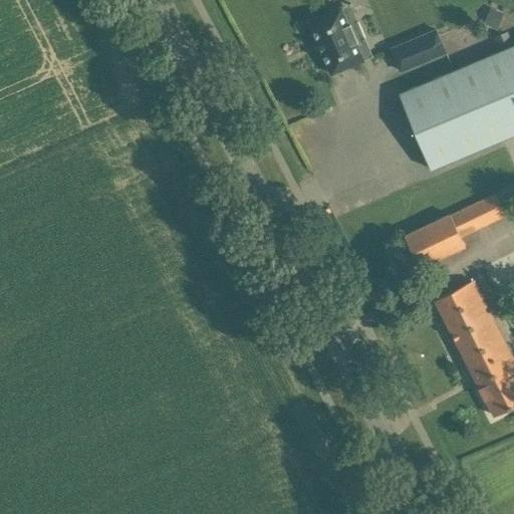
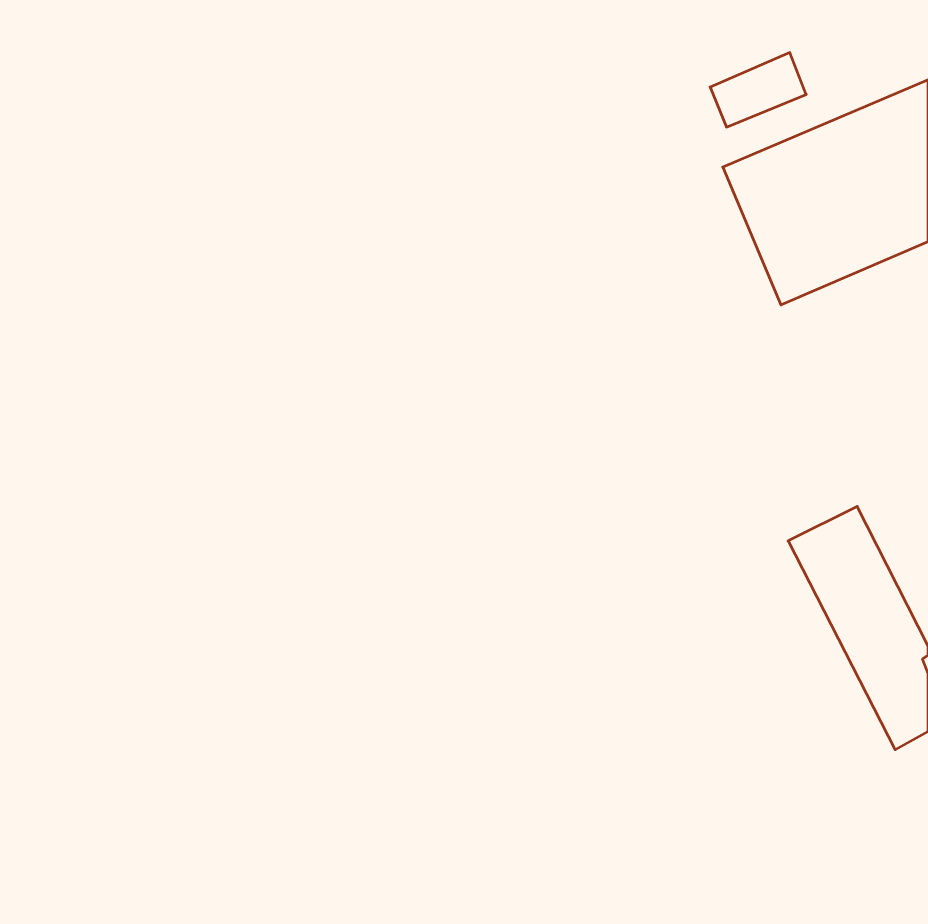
building: [310,9,366,75] -> none
building: [406,195,506,268] -> none

